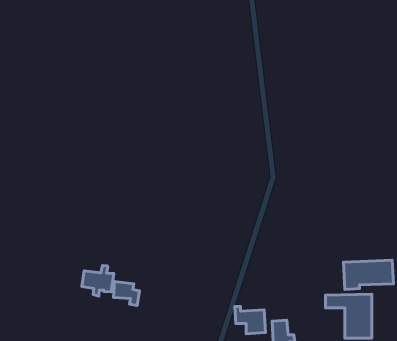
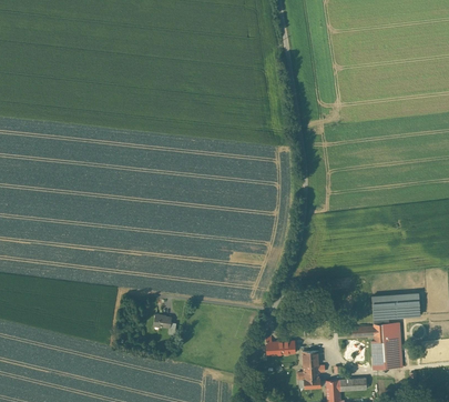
building: [82,266,114,296] -> none

